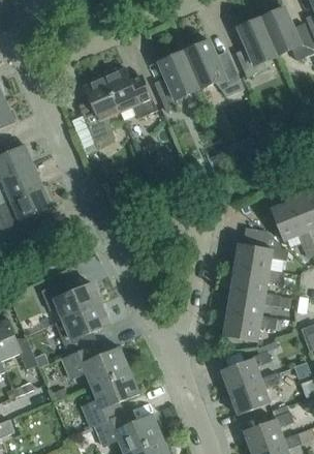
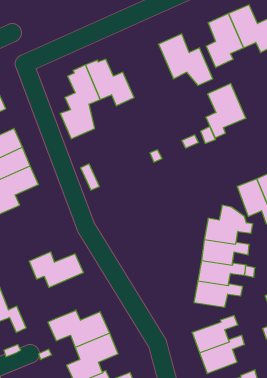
building: [155,51,199,111] -> [206,84,246,138]
building: [59,303,108,355] -> none

